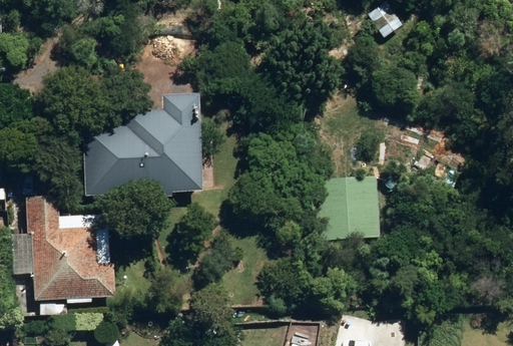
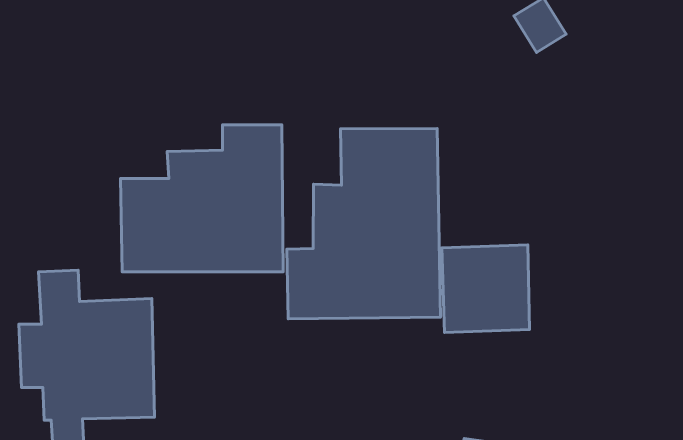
building: none -> [287,129,440,319]

